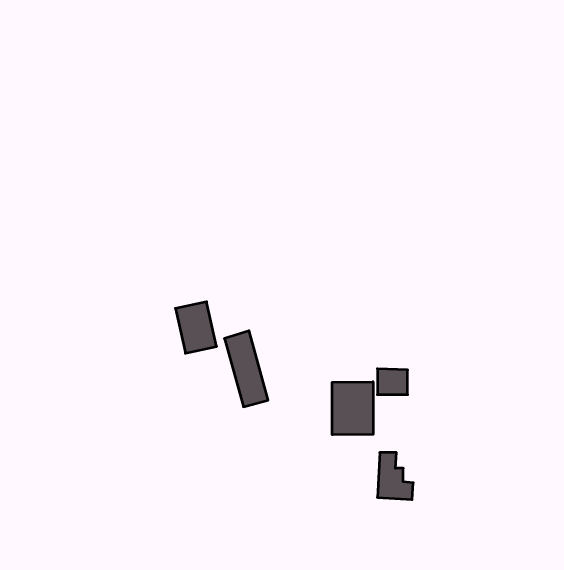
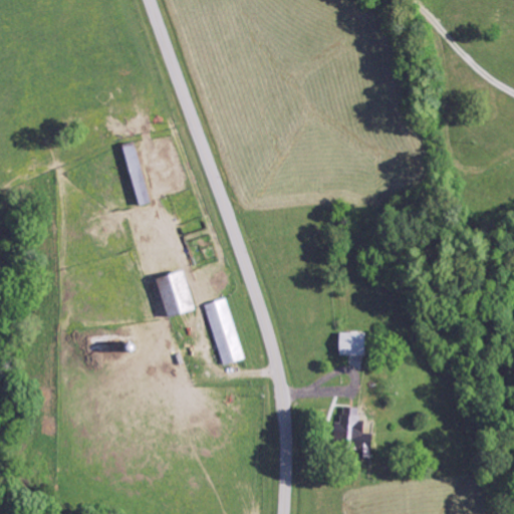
building: none -> [121,141,153,206]
building: [332,382,373,435] -> none

